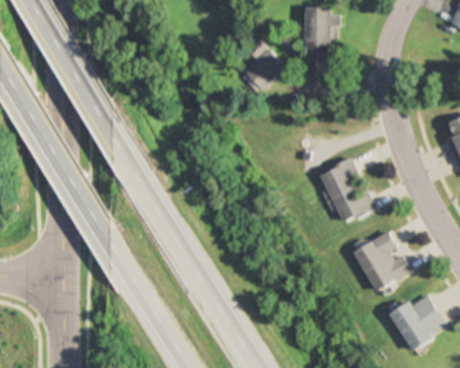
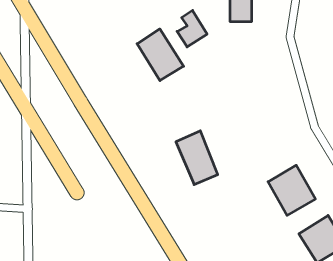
building: none -> [137,29,184,81]
building: [321,157,372,222] -> [176,131,218,185]

